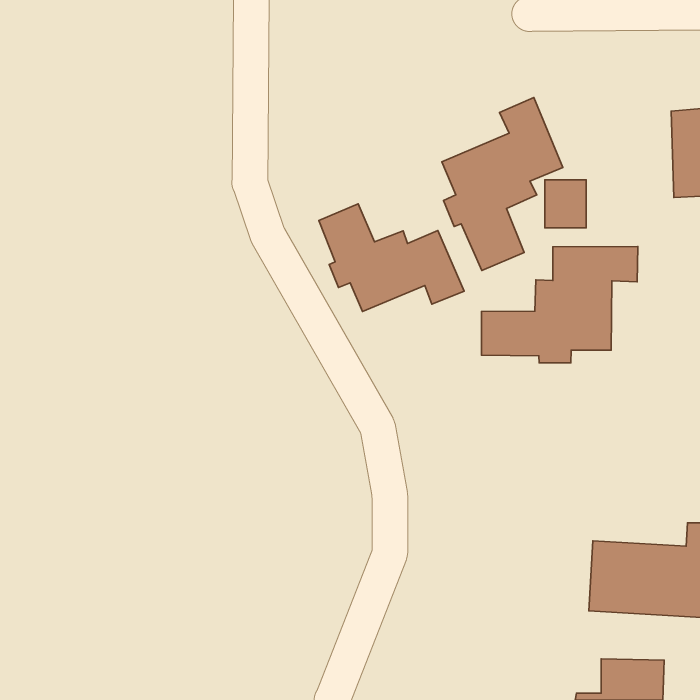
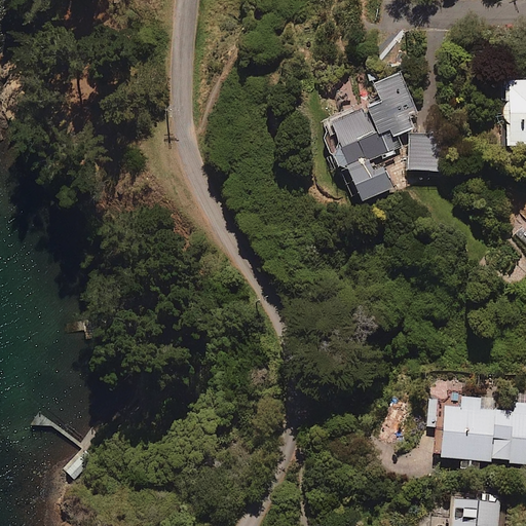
building: [319,204,464,311] -> none
building: [482,246,638,363] -> none

